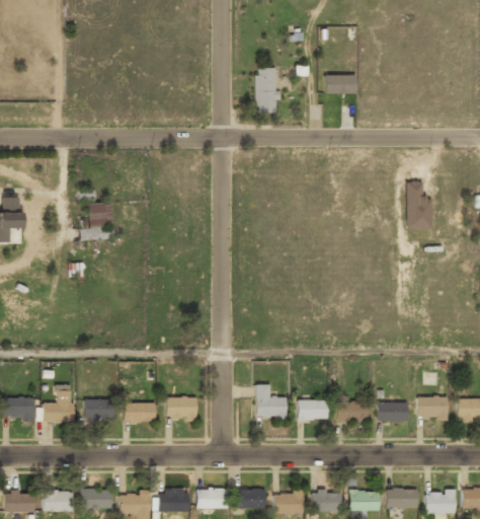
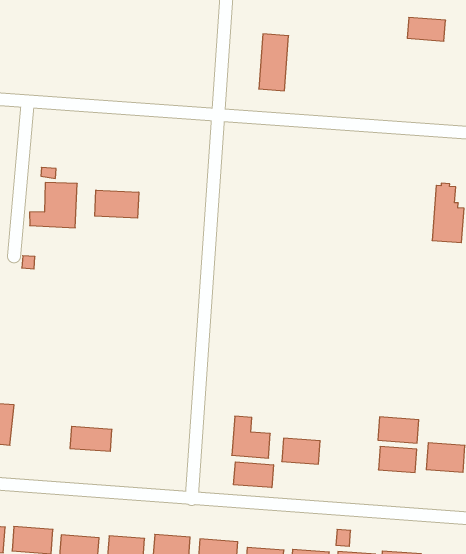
building: [325,76,355,93] -> [407,18,446,41]
building: none -> [95,190,139,218]
building: [166,396,196,419] -> none
building: [85,399,113,419] -> none
building: [336,401,369,421] -> [378,417,419,443]
building: none -> [234,462,273,488]

